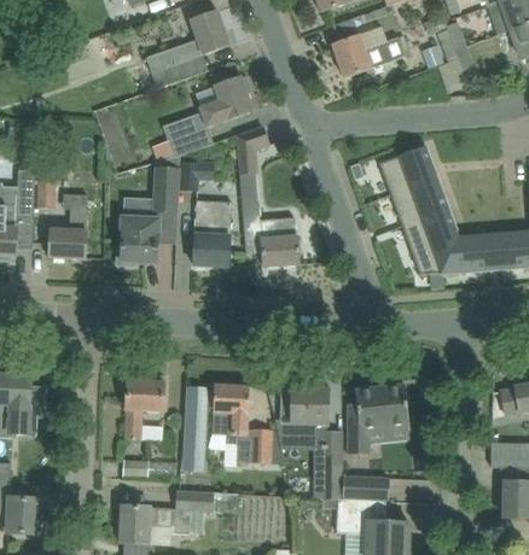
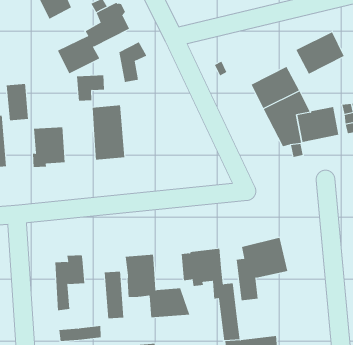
building: [378,146,436,194] -> [295,31,344,74]
building: [152,166,178,211] -> [6,84,29,121]
building: [242,201,298,265] -> none
building: [341,475,389,501] -> none

